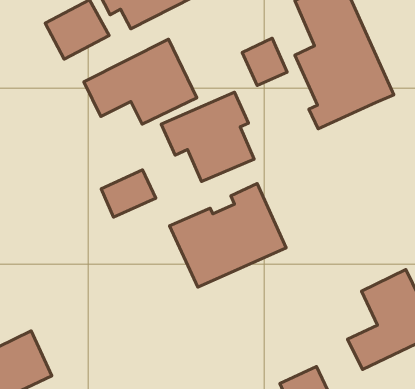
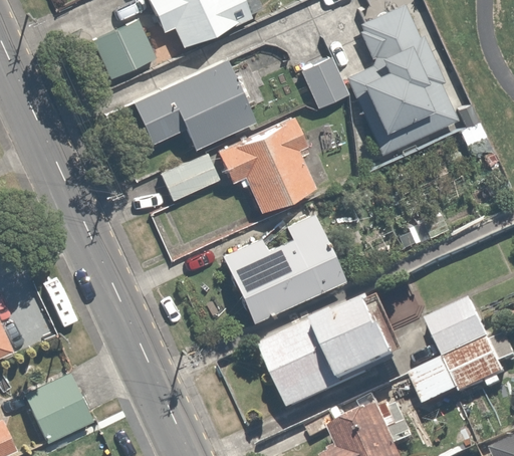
building: [101,170,156,217] -> [162,150,220,200]
building: none -> [261,308,396,415]

